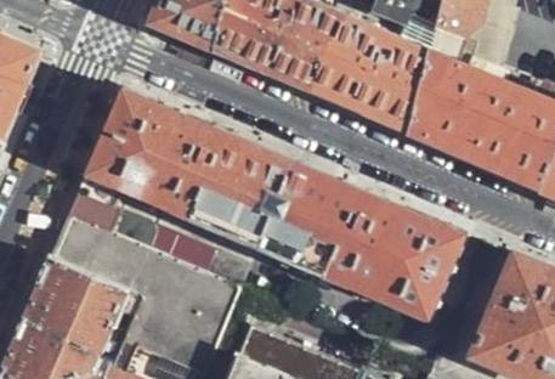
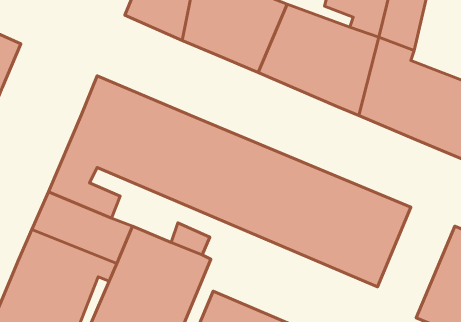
building: [137,221,210,272] -> none

